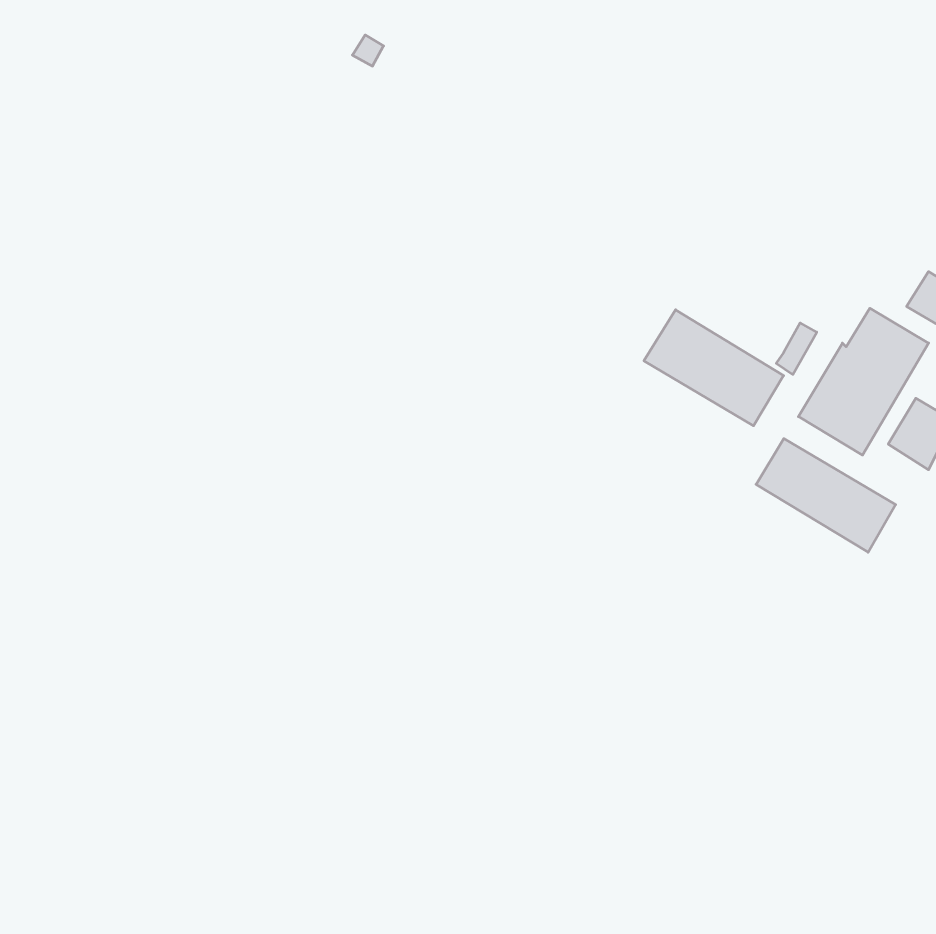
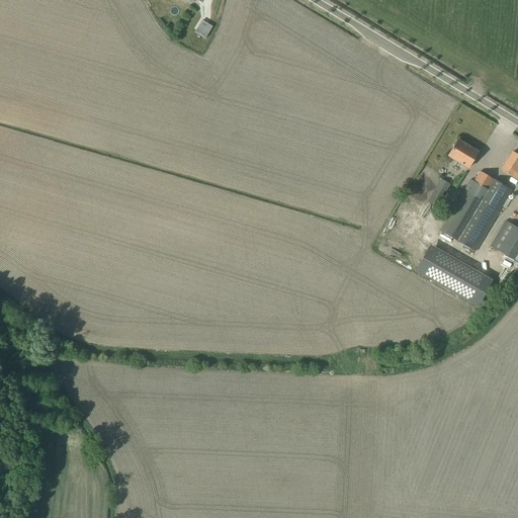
building: none -> [449,139,479,167]
building: [644,310,784,426] -> none

